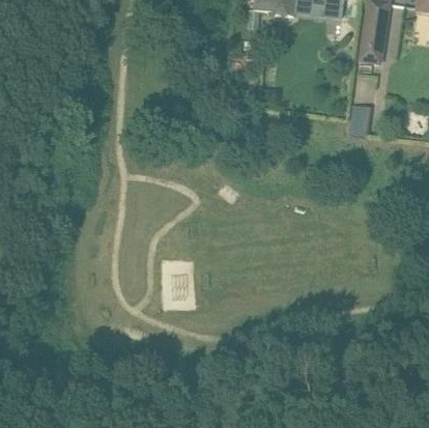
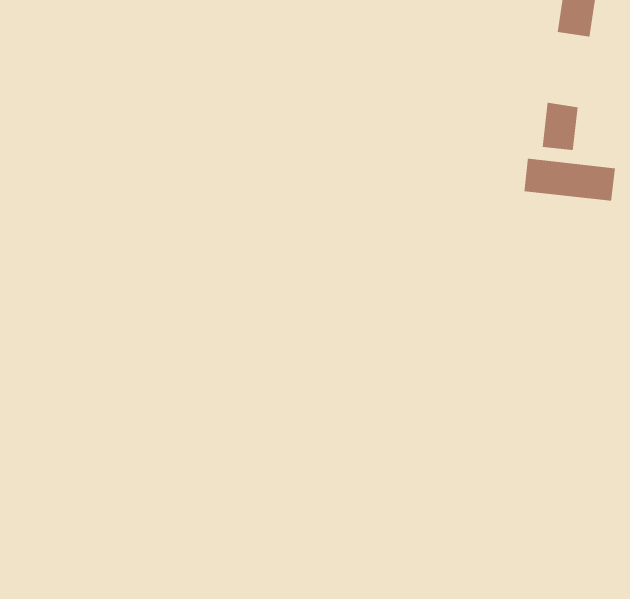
building: none -> [524,158,615,202]

